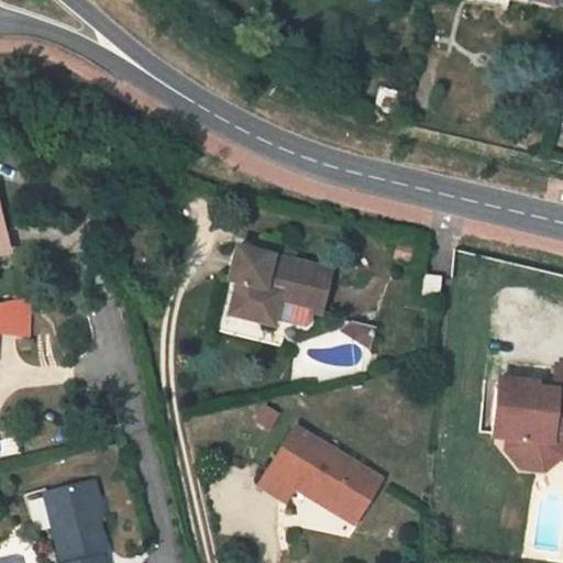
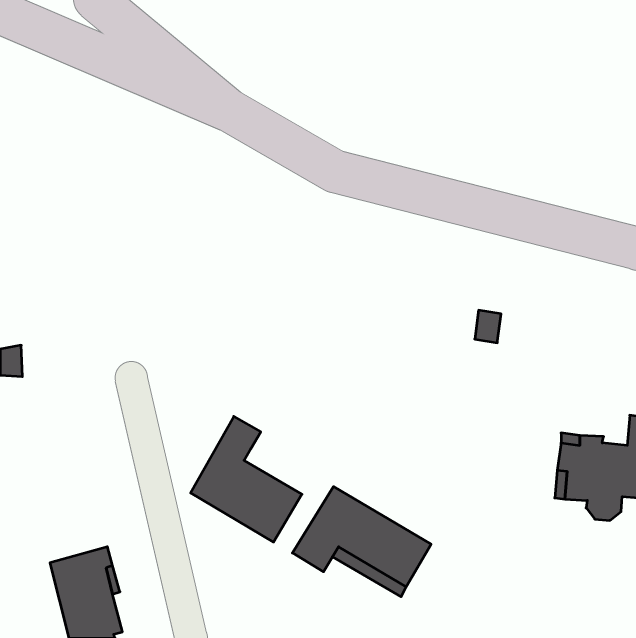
building: [229,241,331,327] -> none
building: none -> [191,416,302,542]

